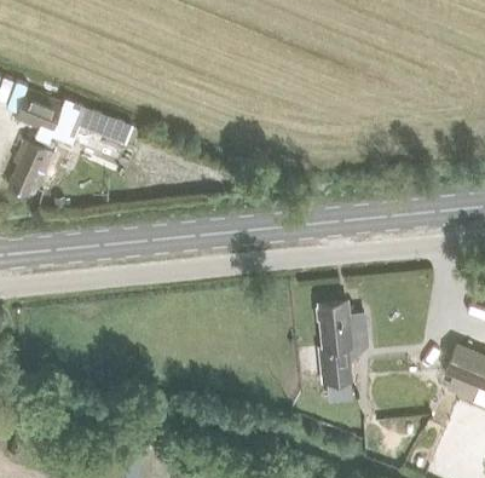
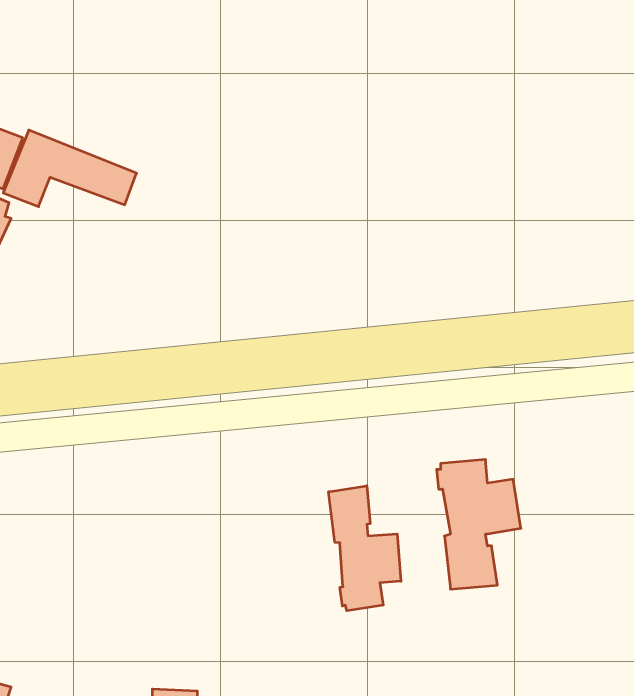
building: none -> [329,486,401,611]

